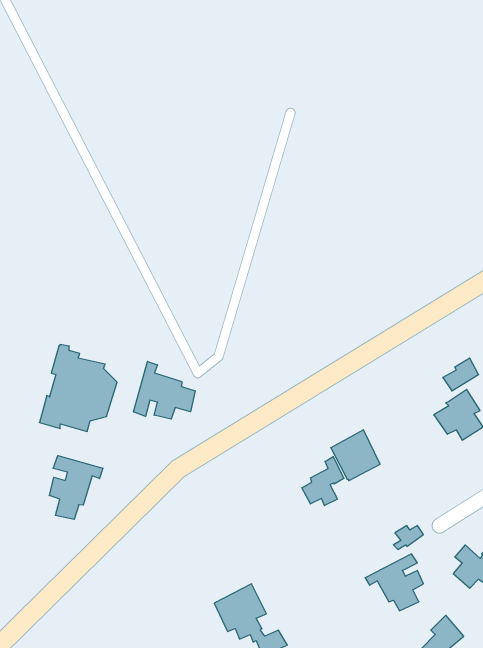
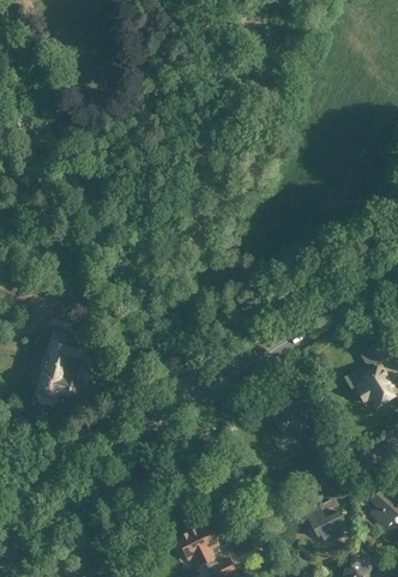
building: [134,361,195,419] -> none
building: [49,456,103,519] -> none
building: [302,457,344,506] -> none

